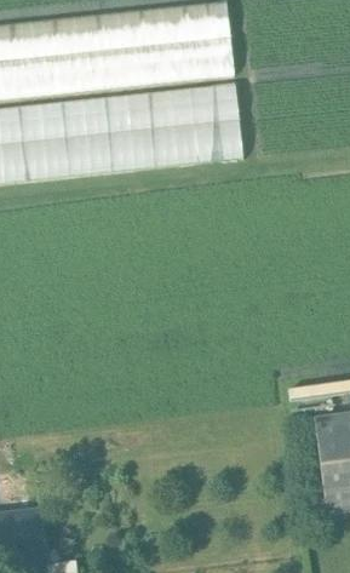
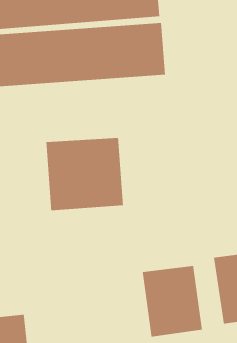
building: none -> [46,137,123,211]
building: none -> [142,265,203,337]

